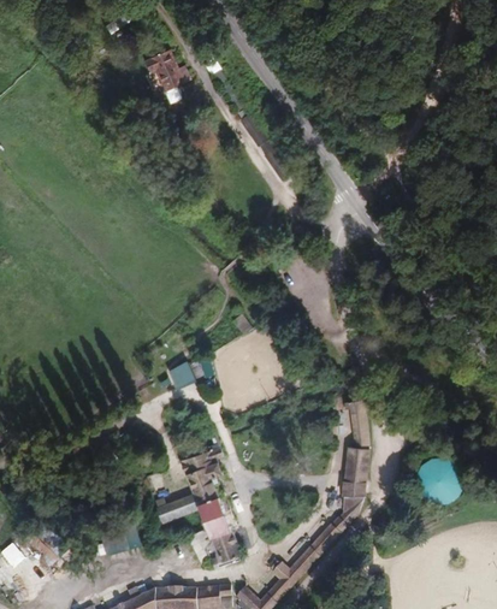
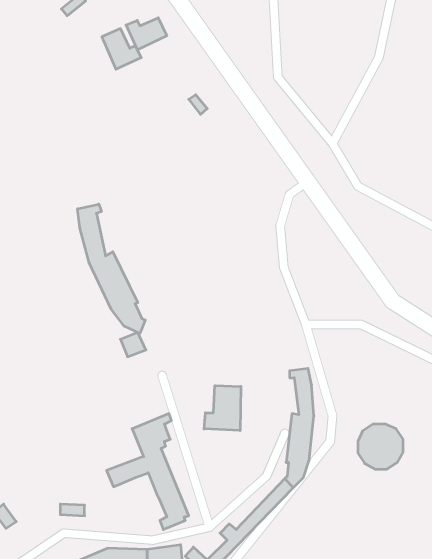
building: none -> [126,18,167,50]
building: none -> [78,204,145,333]
building: none -> [204,386,241,431]

